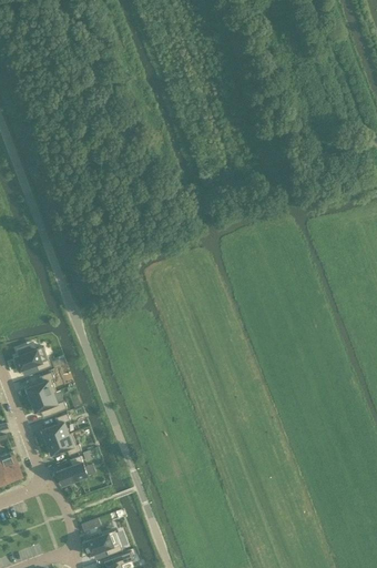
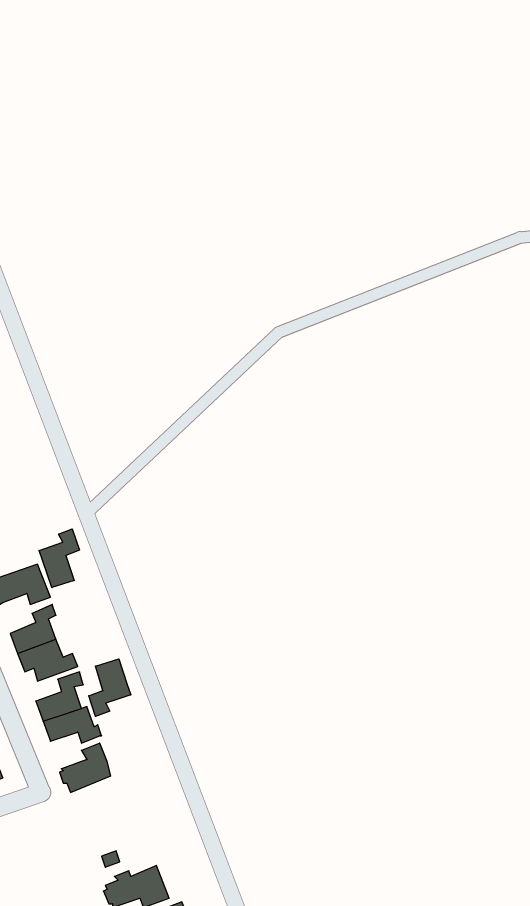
building: none -> [39,529,79,588]
building: none -> [89,659,131,716]

